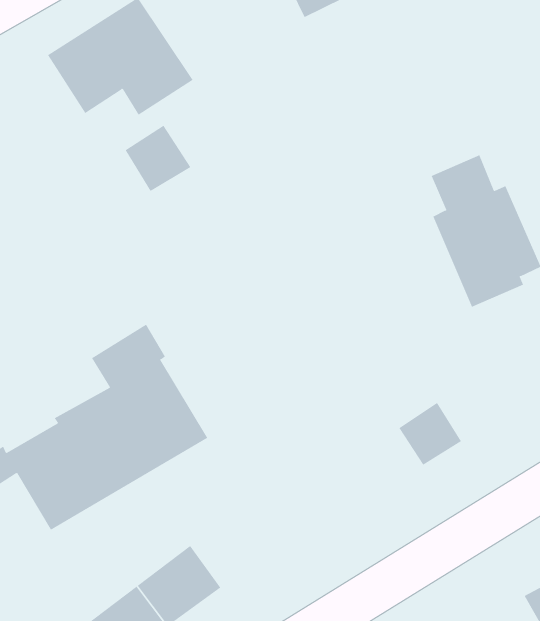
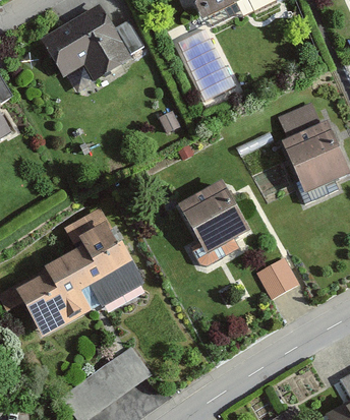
building: [125,125,191,192] -> none
building: none -> [179,183,246,252]

